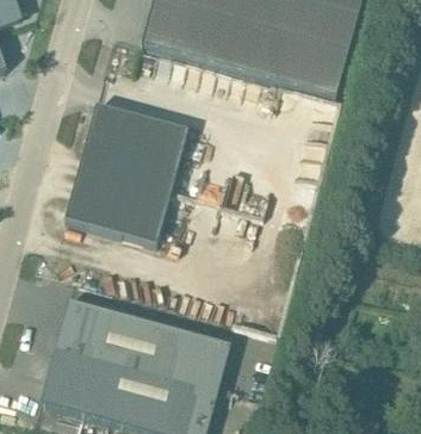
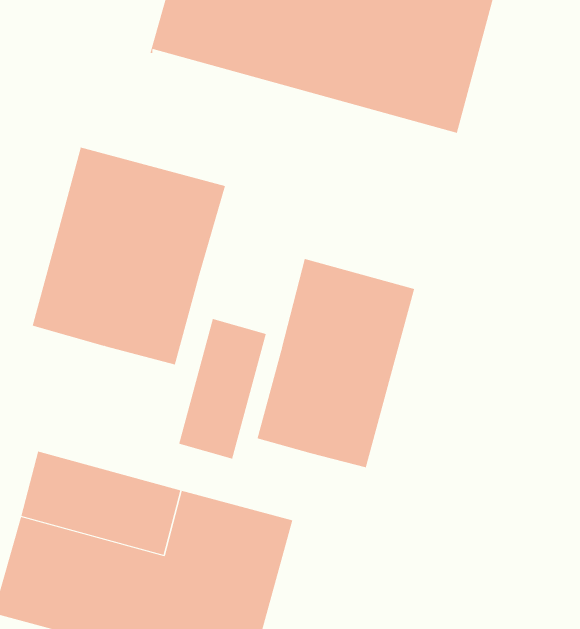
building: none -> [257,258,415,468]
building: none -> [179,318,266,460]

